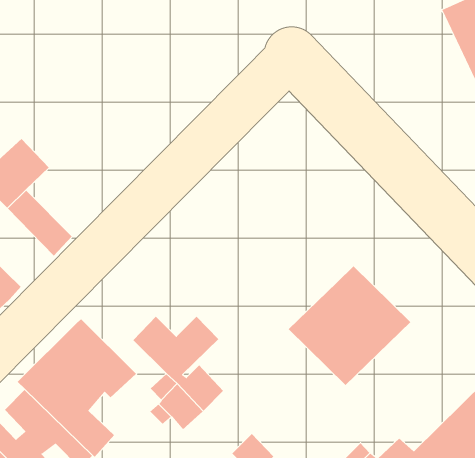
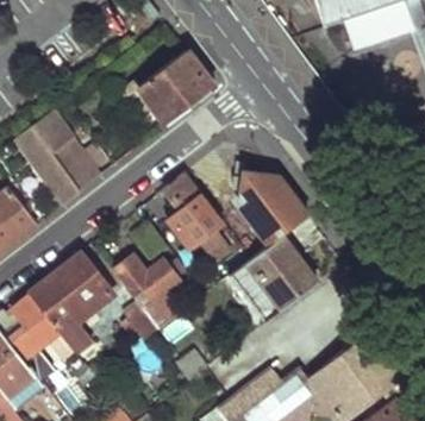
building: none -> [138,49,214,124]
building: none -> [50,138,100,190]
building: none -> [237,169,311,247]
building: none -> [167,171,230,253]

